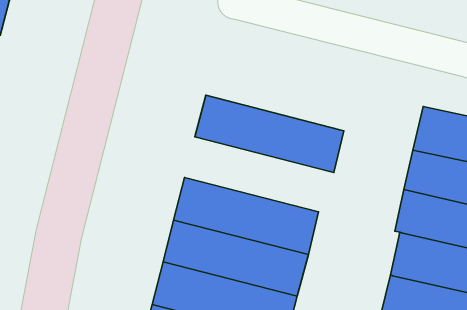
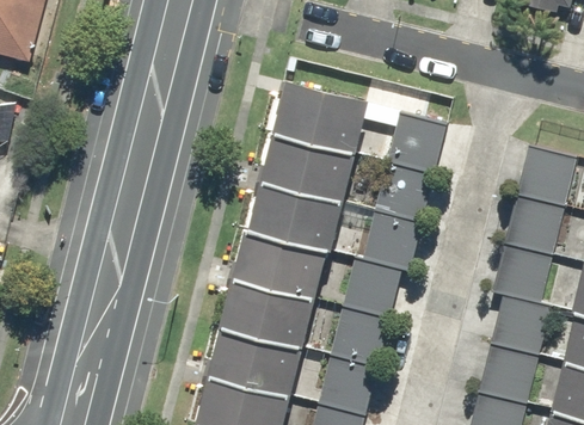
building: none -> [272,79,449,173]
building: none -> [247,180,423,270]

